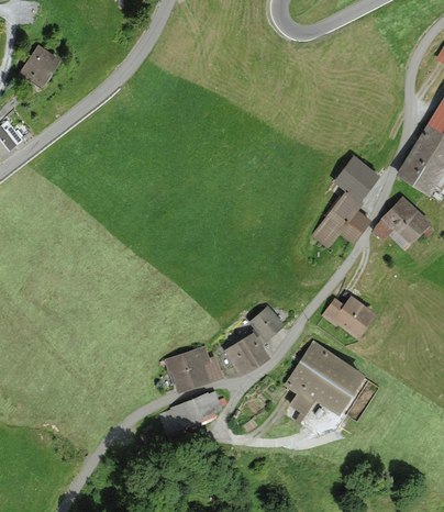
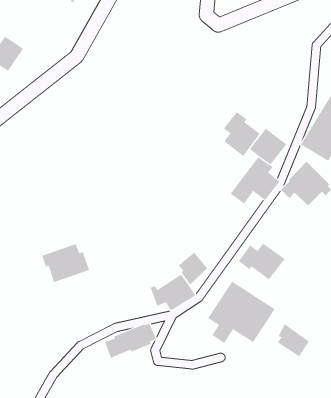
building: none -> [223,111,260,157]
building: [164,345,222,392] -> [42,244,90,283]
building: none -> [277,323,310,357]

